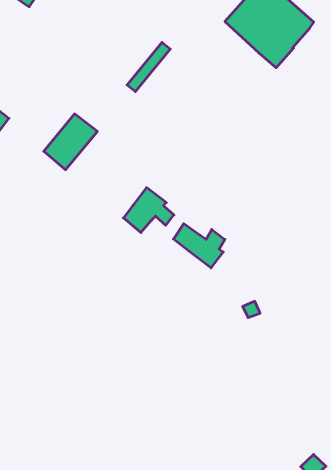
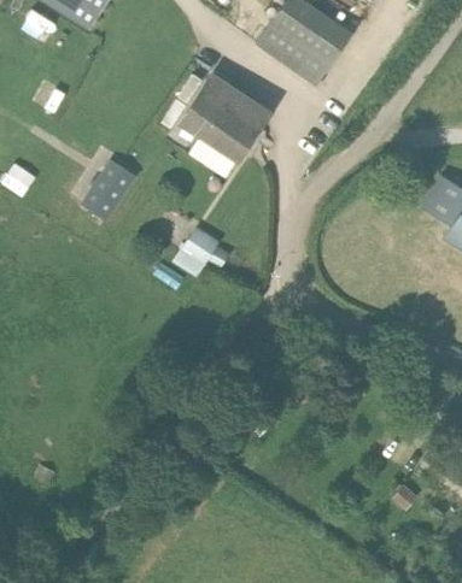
building: none -> [181,76,268,159]
building: [173,224,225,268] -> none

